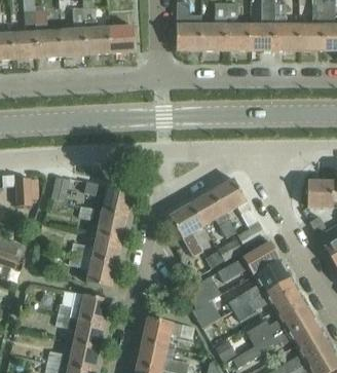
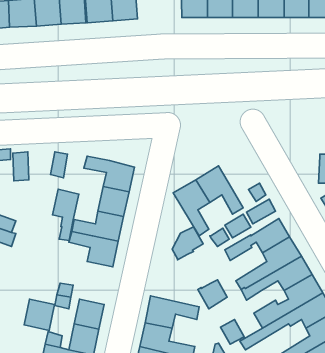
building: [212,179,247,214] -> none
building: none -> [52,189,79,240]
building: [190,276,220,308] -> [172,227,203,260]
building: [79,294,108,324] -> [24,299,54,330]

